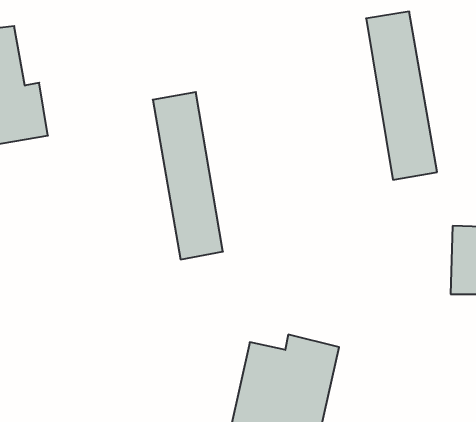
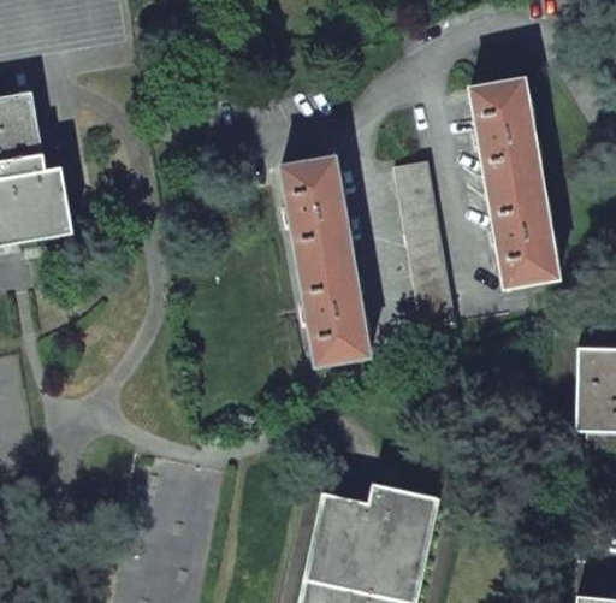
building: none -> [393,161,454,326]
building: [153,92,223,259] -> [280,155,368,365]

